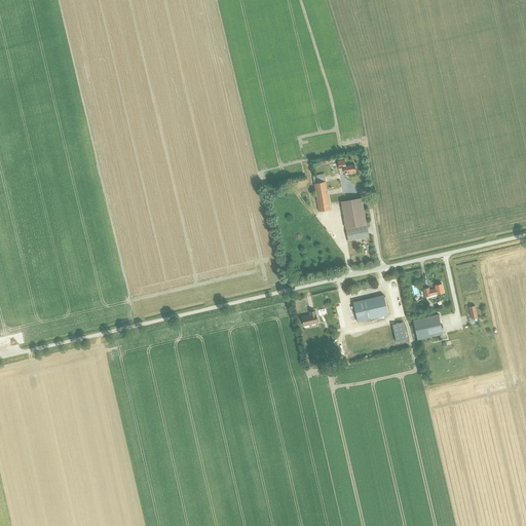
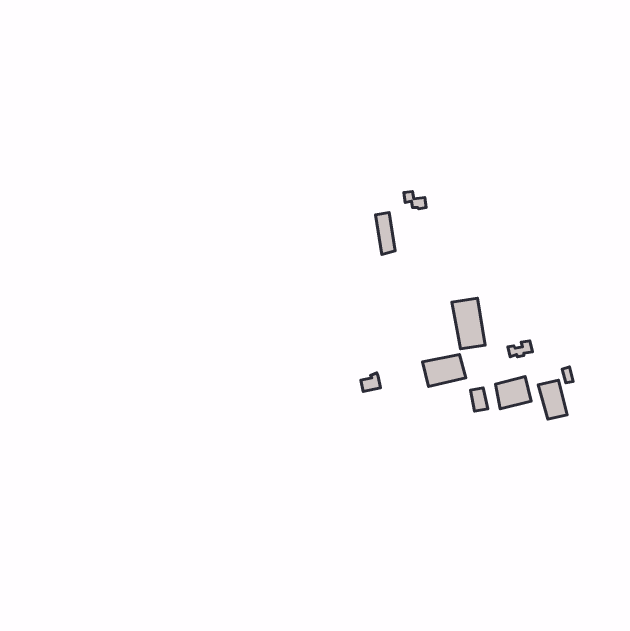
building: [340,198,368,240] -> [452,298,485,349]
building: none -> [538,380,567,419]

